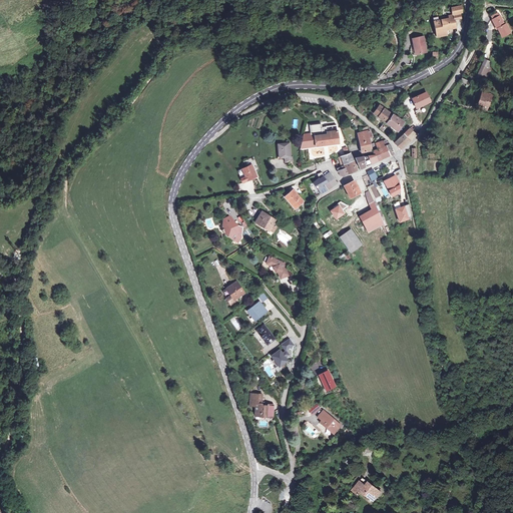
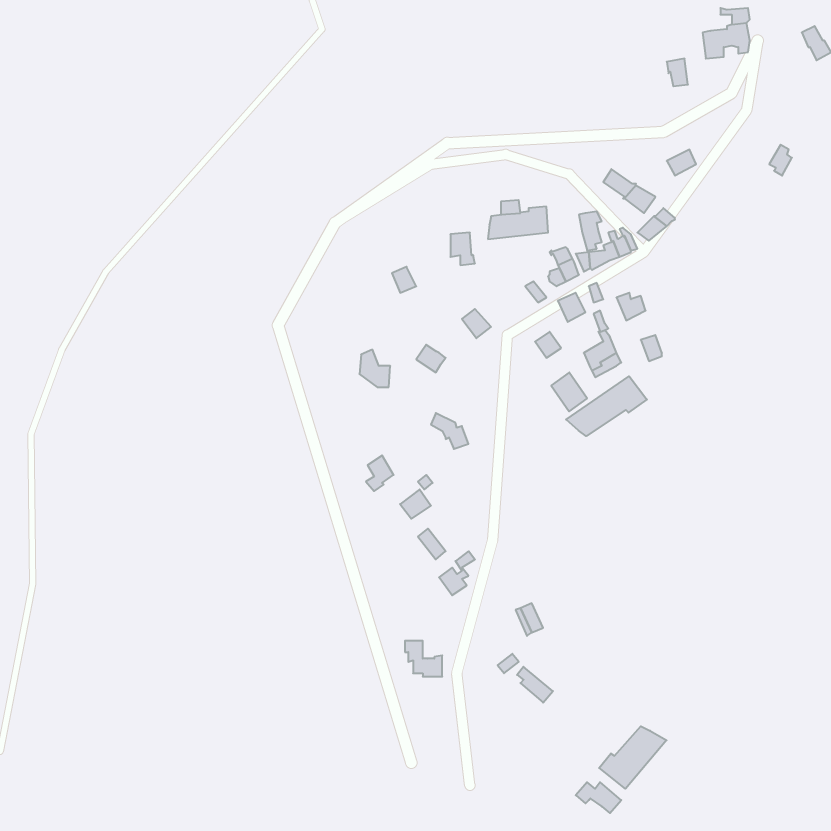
building: none -> [566,376,647,436]
building: none -> [599,726,667,789]

